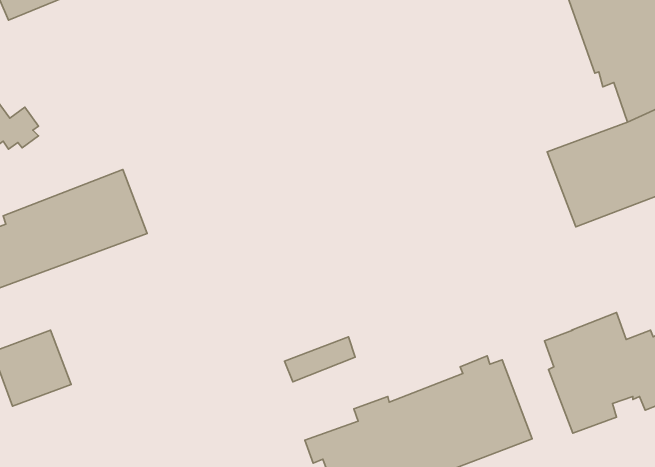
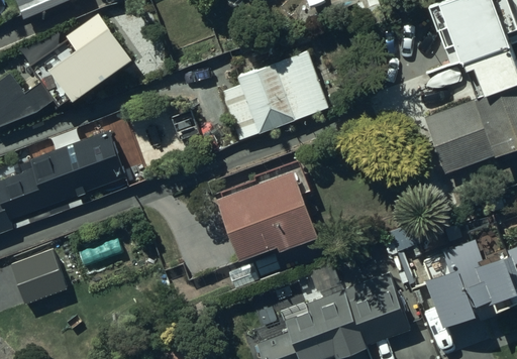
building: none -> [29,11,131,105]
building: none -> [221,52,328,137]
building: none -> [214,169,315,260]

